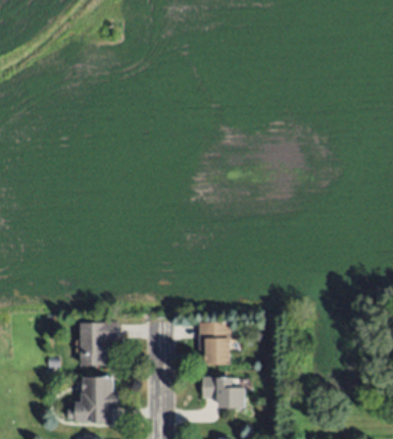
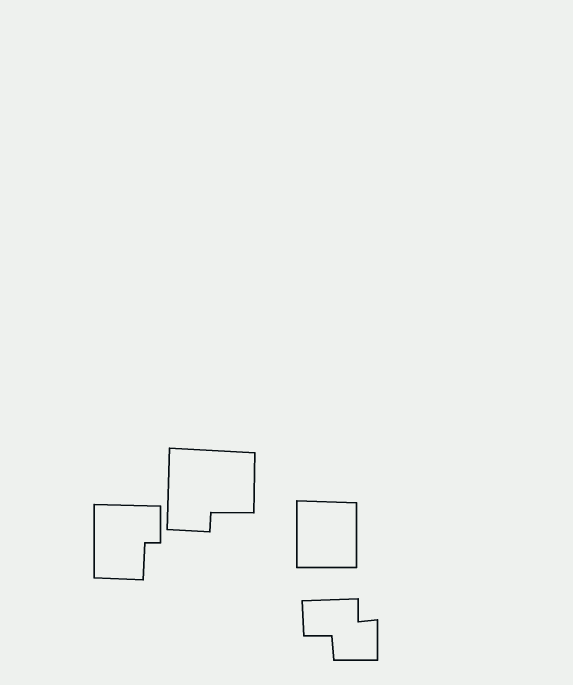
building: none -> [167,448,255,532]
building: [80,376,119,422] -> none

